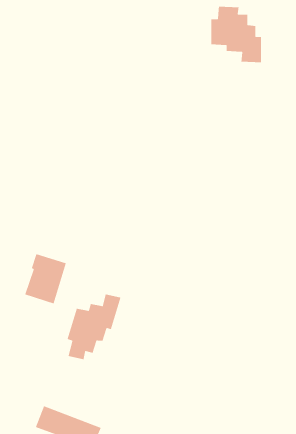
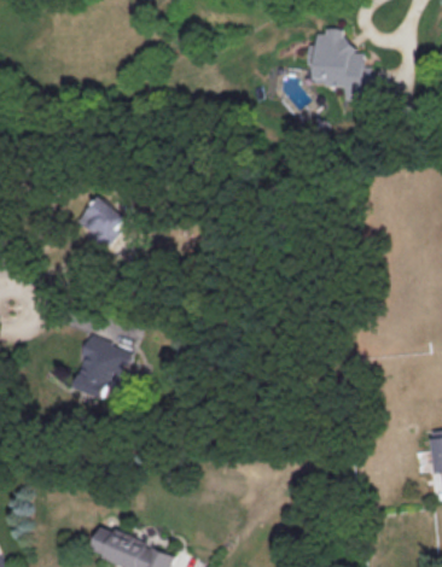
building: none -> [75,195,126,246]
building: [66,293,122,360] -> none

